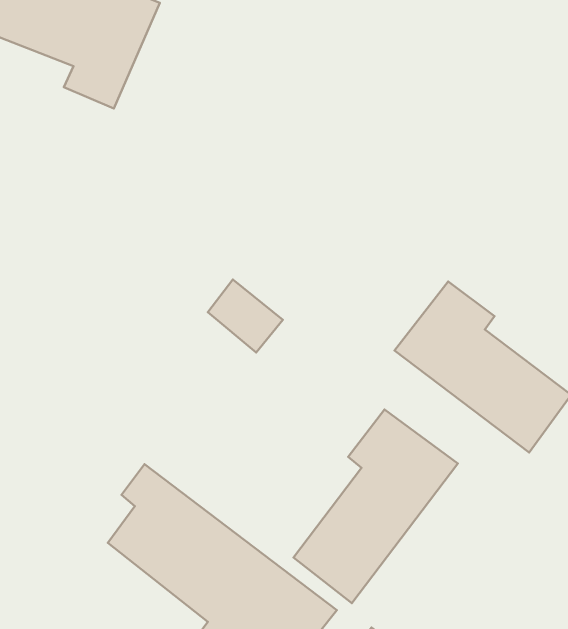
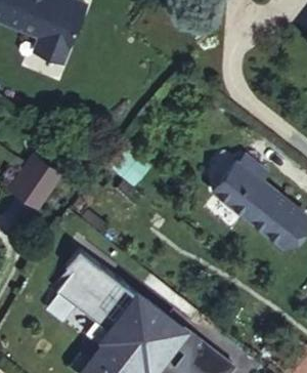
building: none -> [6,150,62,207]
building: [293,409,458,603] -> none

